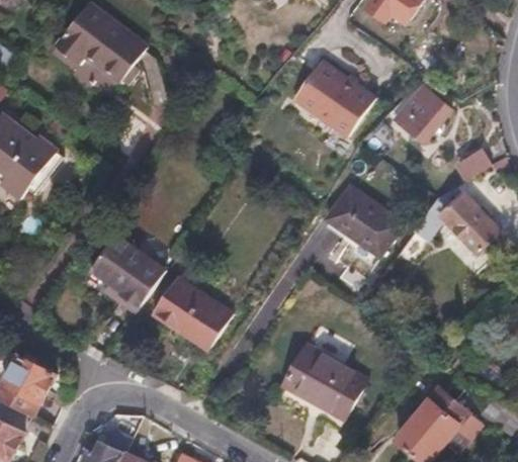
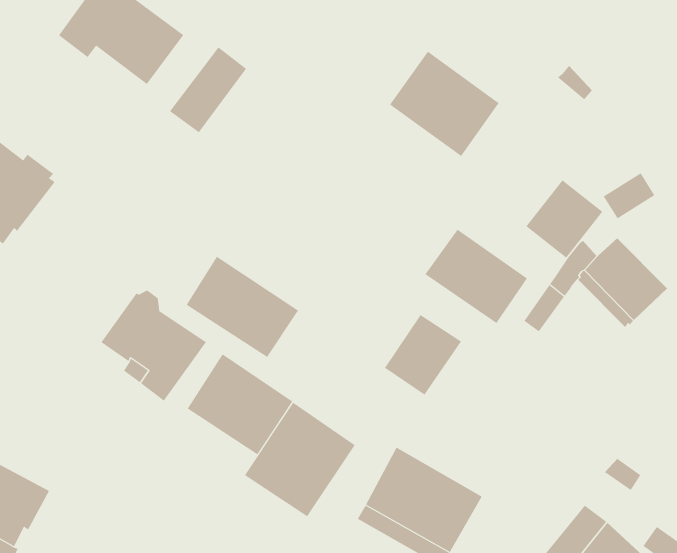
building: none -> [169,47,247,133]
building: [391,86,446,143] -> [525,179,603,259]
building: none -> [186,256,299,358]
building: none -> [384,314,462,396]
building: none -> [244,402,356,517]

